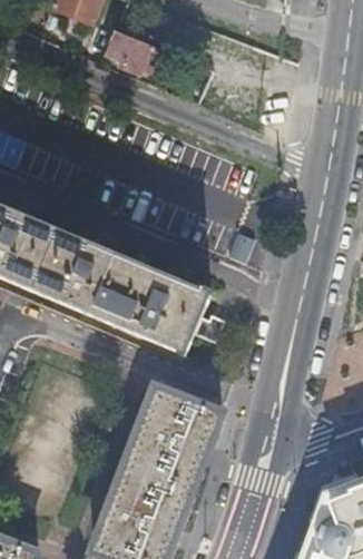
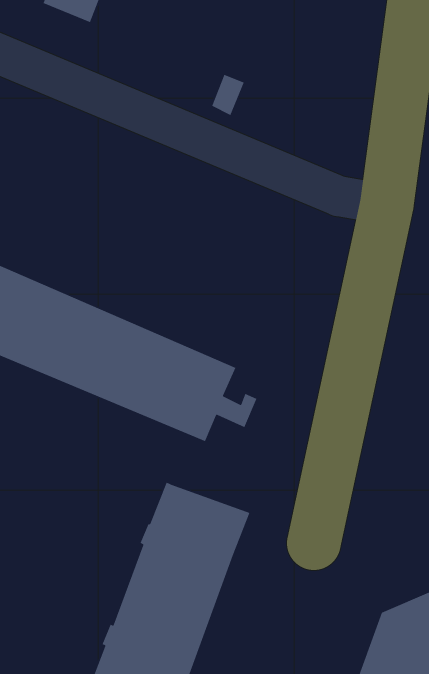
building: [105,27,171,75] -> none

